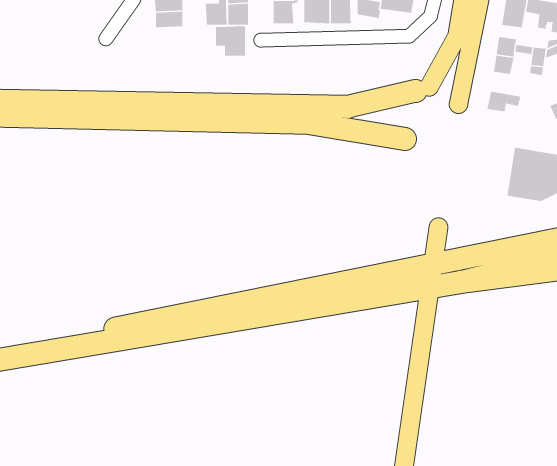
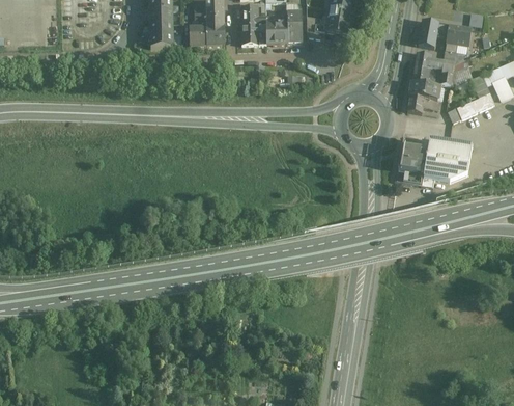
building: [215,25,246,56] -> none
building: none -> [410,81,439,100]
building: none -> [397,147,427,185]

